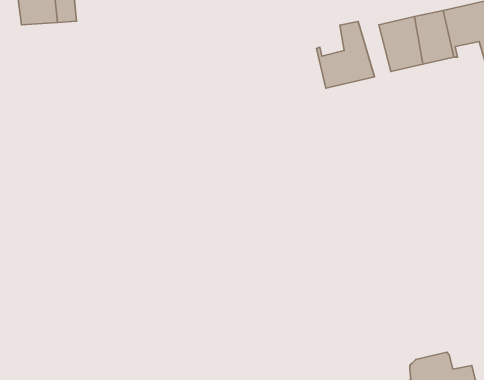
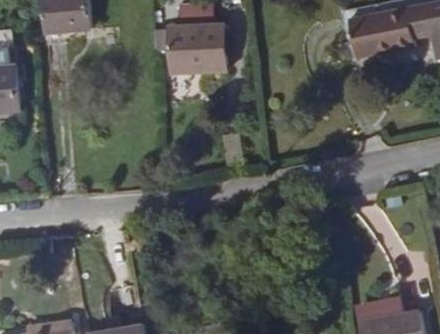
building: none -> [166,19,222,69]
building: [317,21,374,88] -> none

